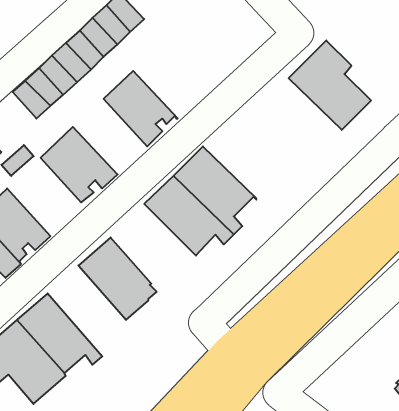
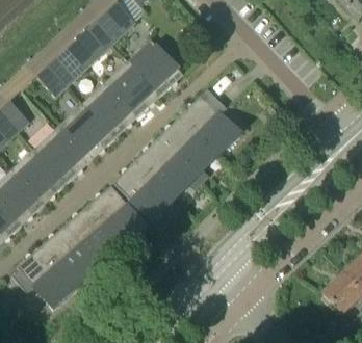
building: [289,40,371,130] -> [180,88,241,155]
building: none -> [128,38,184,96]
building: none -> [83,81,138,137]
building: none -> [34,125,89,183]
building: none -> [113,159,175,218]
building: none -> [64,205,123,272]

